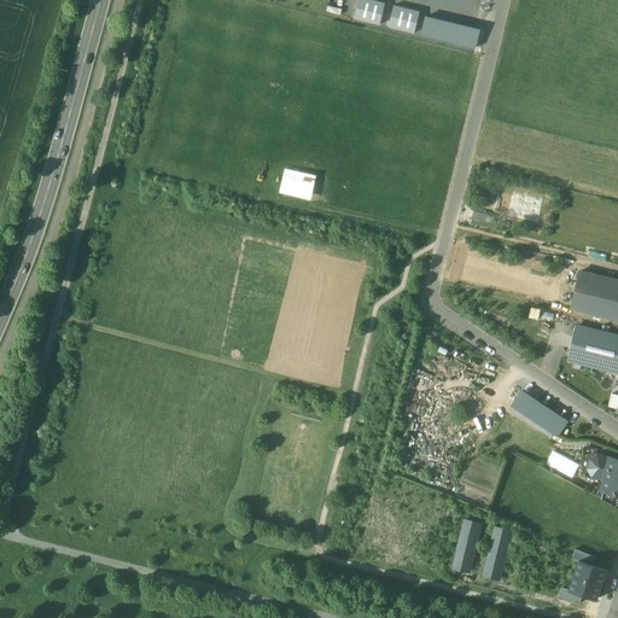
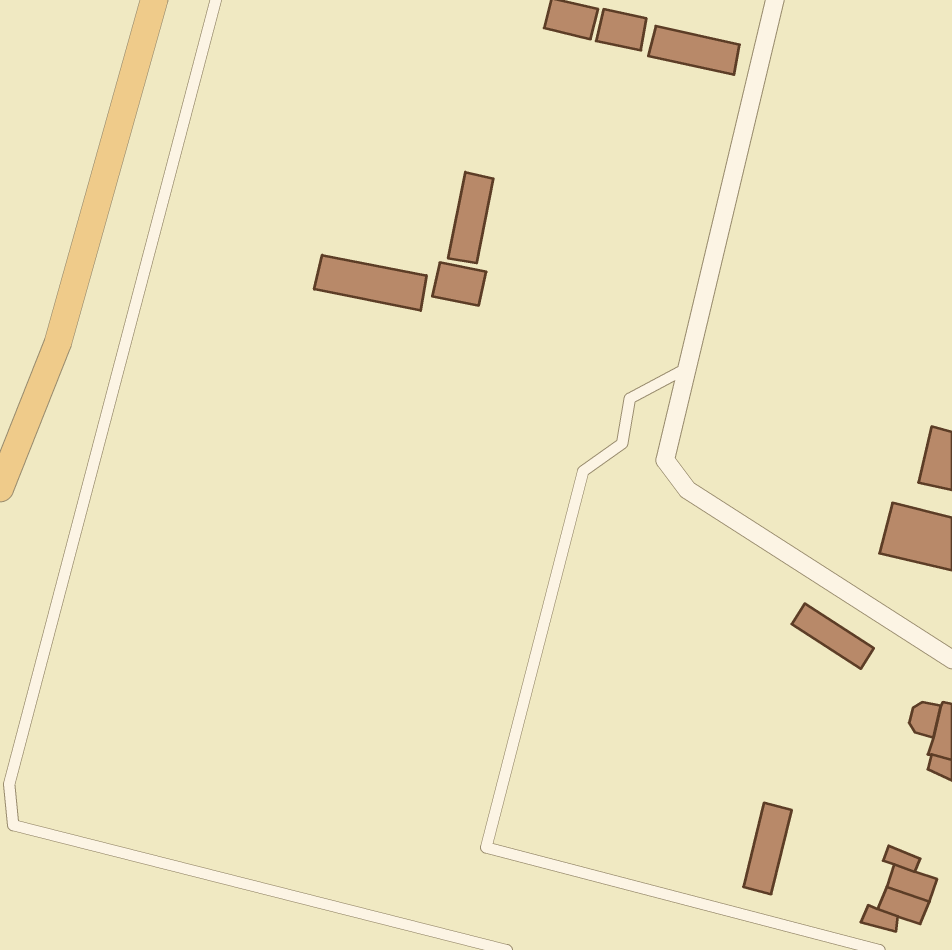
building: none -> [448,172,493,263]
building: none -> [314,255,426,311]
building: [571,272,604,313] -> none
building: [451,513,480,570] -> none

